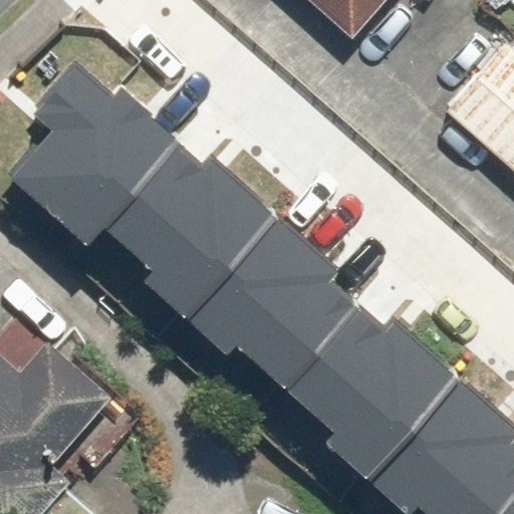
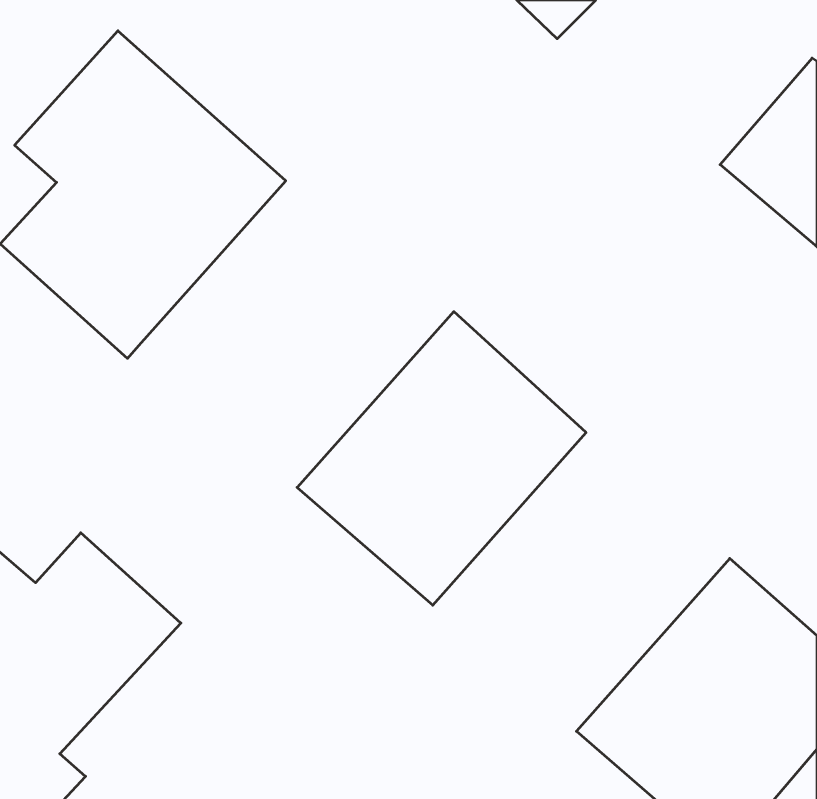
building: [86,122,282,319] -> none
building: [269,285,454,471] -> none

